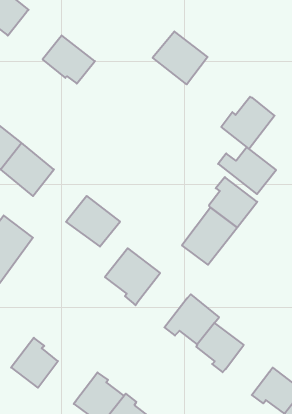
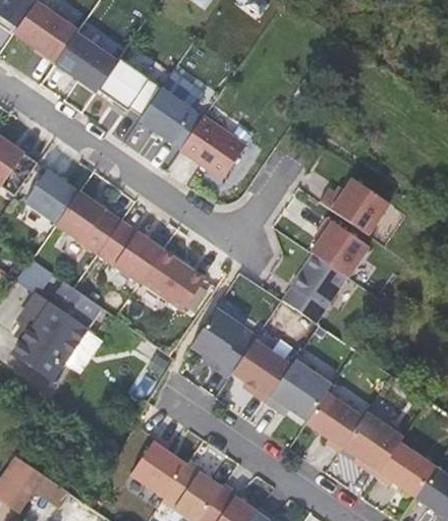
building: none -> [57,33,120,93]
building: [153,31,208,84] -> [181,117,247,180]
building: none -> [141,88,198,144]
building: [221,97,275,149] -> none
building: none -> [99,221,164,282]
building: none -> [233,341,292,403]
building: [11,338,58,388] -> [131,439,187,499]
building: none -> [343,423,397,478]

